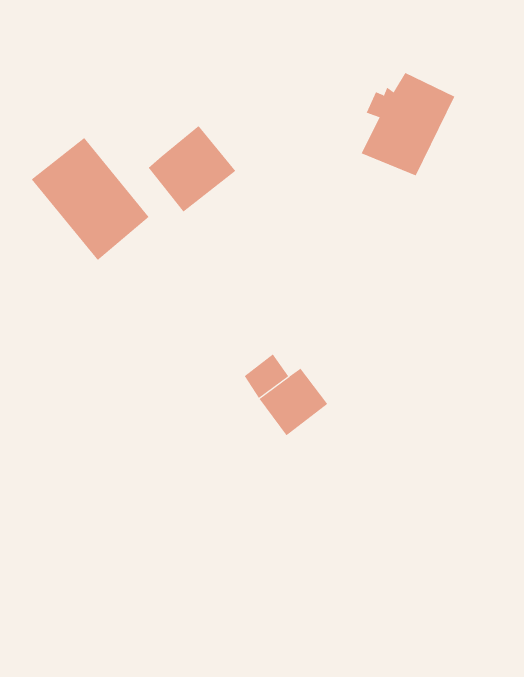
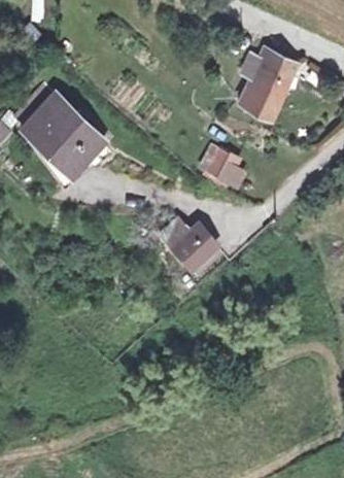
building: [148,125,236,213] -> none
building: none -> [201,143,252,187]

